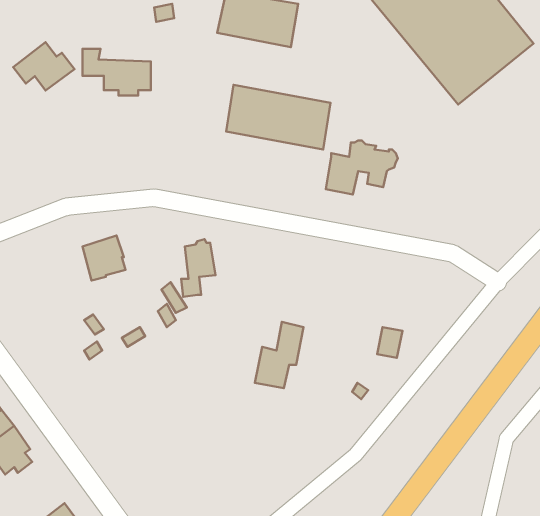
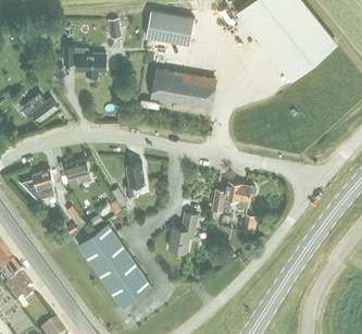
building: [13,42,74,91] -> [21,92,58,122]
building: [326,141,398,194] -> [212,181,255,213]
building: none -> [22,170,55,200]
building: none -> [77,224,150,308]

